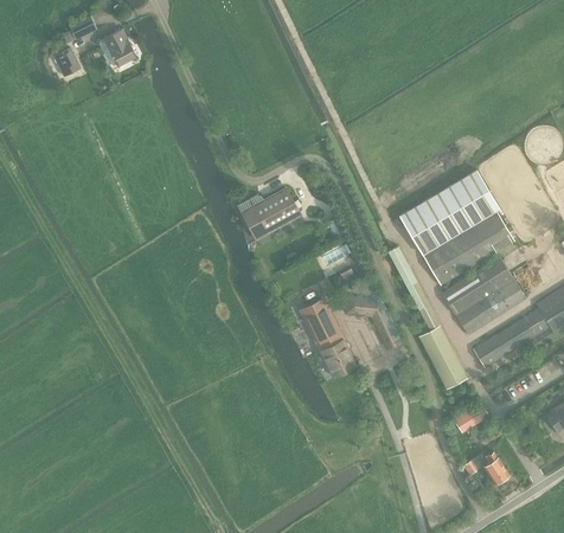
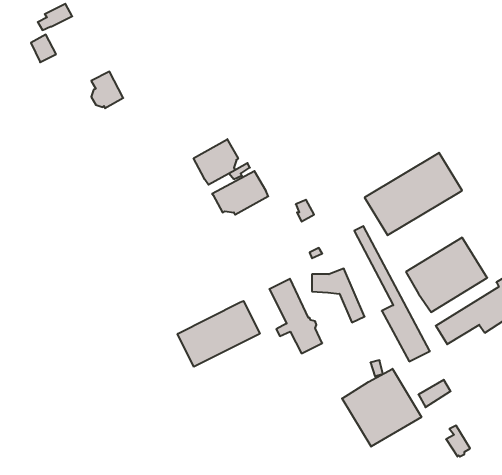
building: [102,28,135,66] -> [91,72,123,108]
building: none -> [194,139,238,185]
building: [422,211,513,284] -> none
building: none -> [178,301,260,367]
building: none -> [342,369,421,447]

